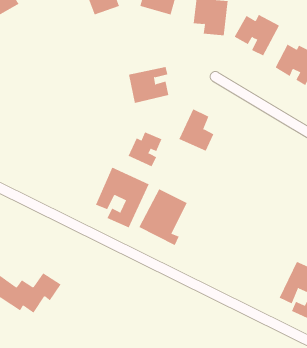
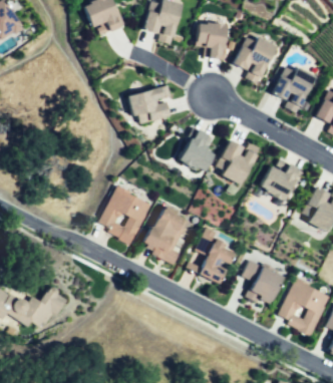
building: none -> [215,138,259,185]
building: [128,131,162,167] -> none
building: none -> [261,162,302,200]
building: none -> [189,226,239,284]
building: none -> [241,260,284,303]

